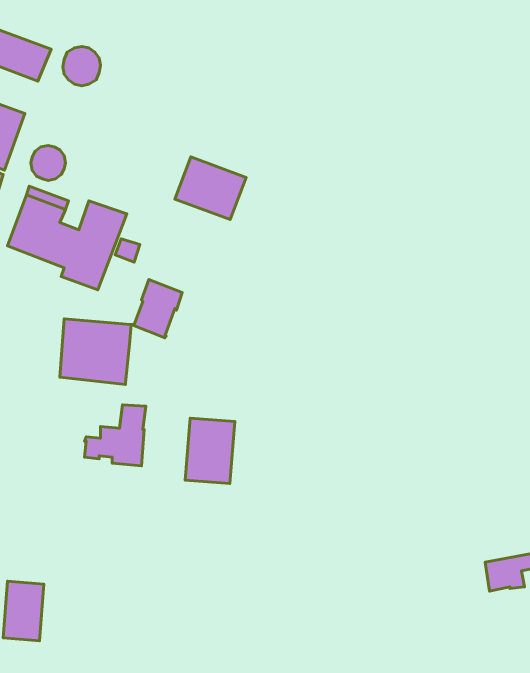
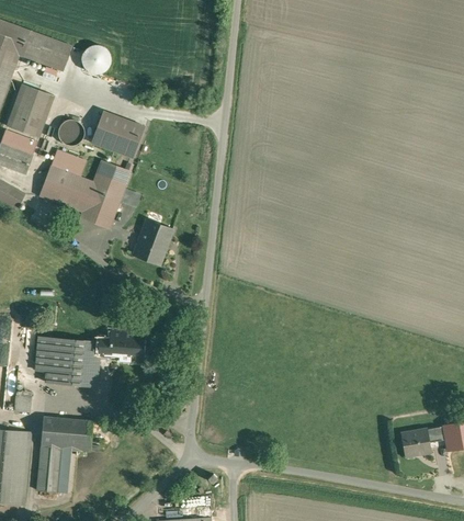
building: [175,157,246,220] -> [90,111,144,158]
building: [60,319,131,384] -> [45,338,99,387]
building: [185,418,235,484] -> none
building: none -> [39,417,92,452]

